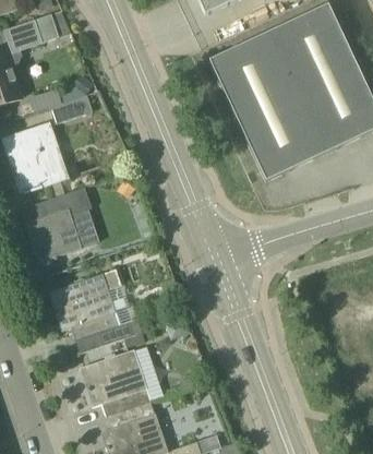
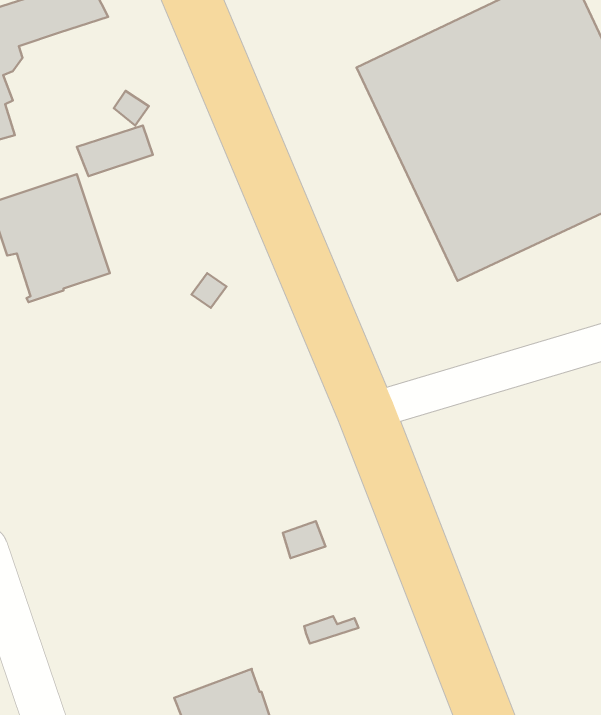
building: [26,186,93,261] -> none
building: [49,267,141,343] -> none
building: [81,348,151,415] -> none

